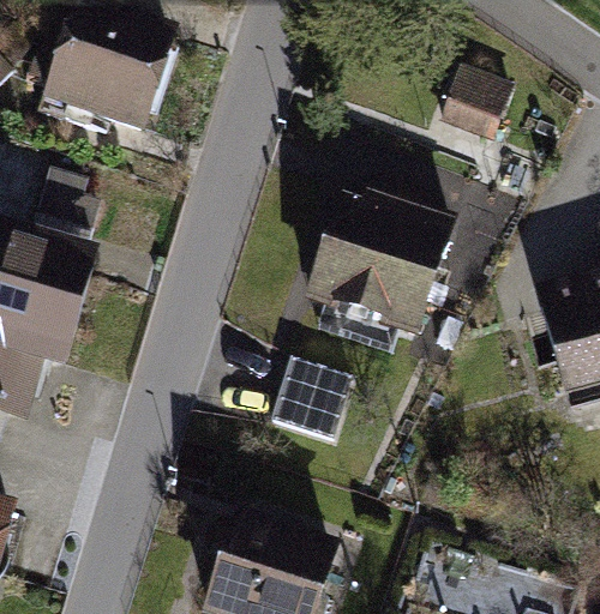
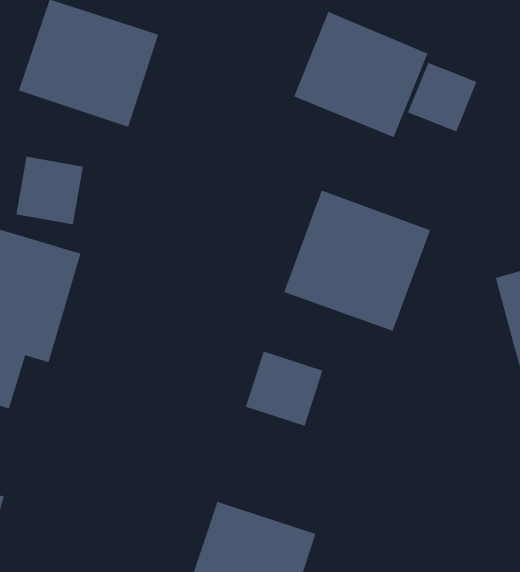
building: none -> [293,11,428,138]

